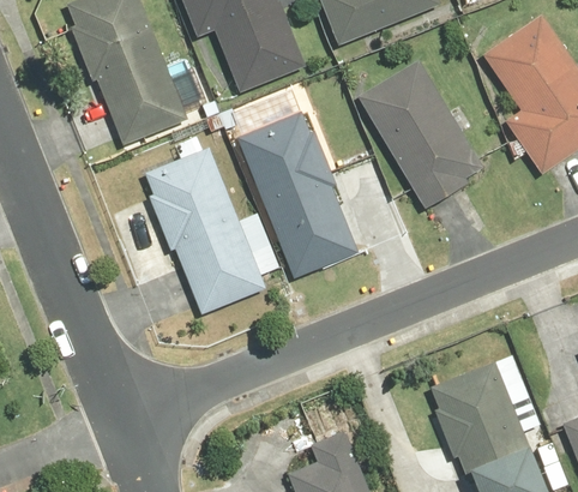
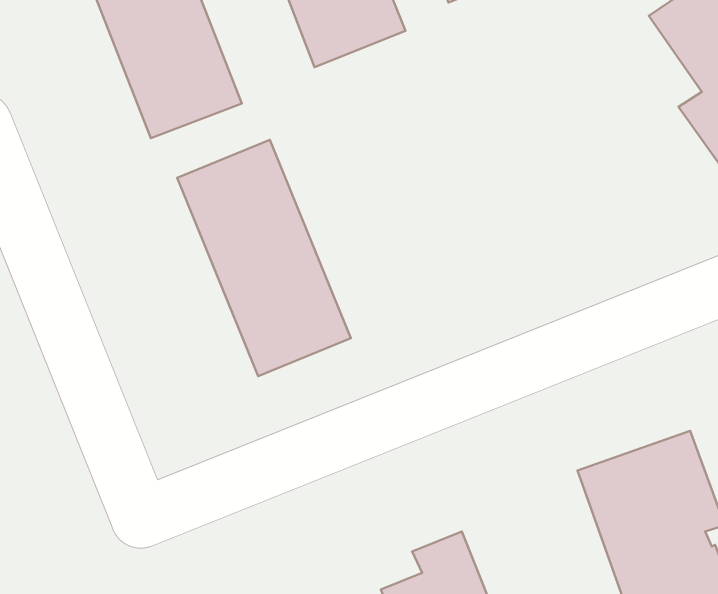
building: [359,59,484,209] -> none
building: [236,109,363,281] -> none

